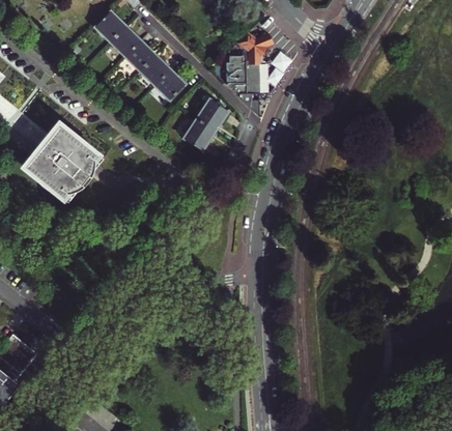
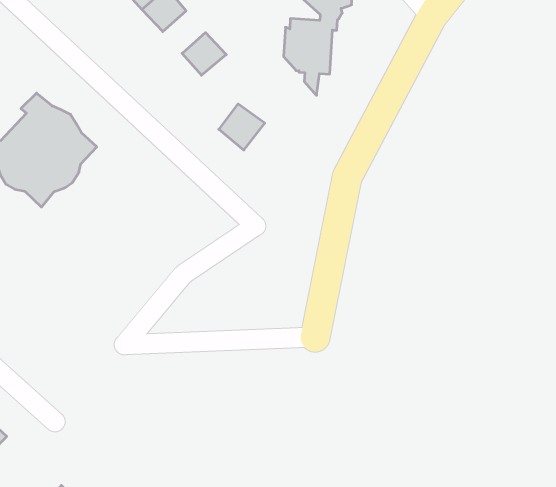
building: [141,57,171,87] -> none
building: [197,100,229,133] -> none

